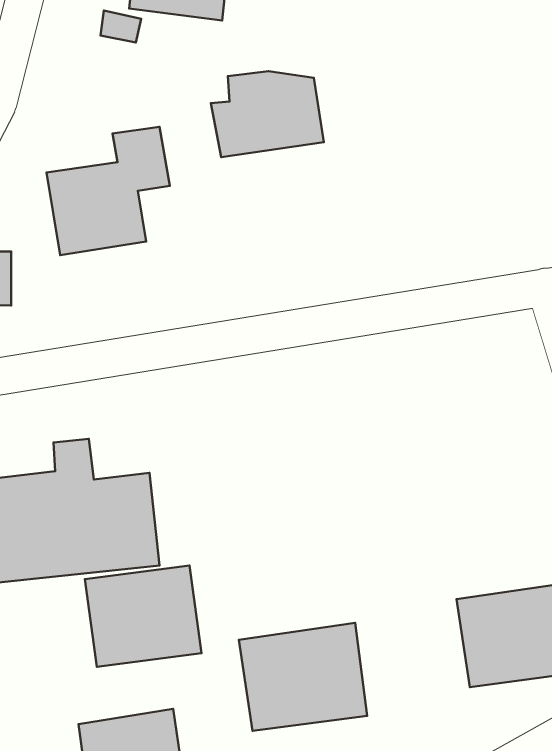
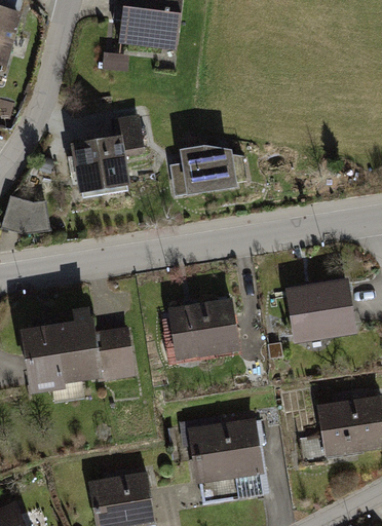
building: [211,71,324,157] -> [169,146,238,198]
building: none -> [286,283,352,344]
building: [85,566,201,667] -> [167,301,238,363]

